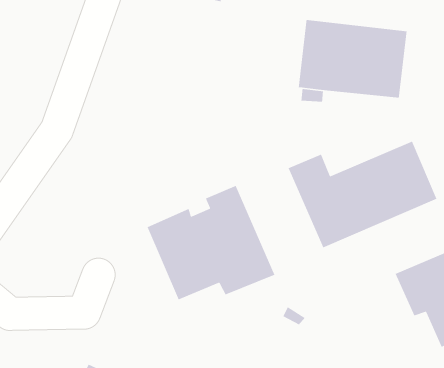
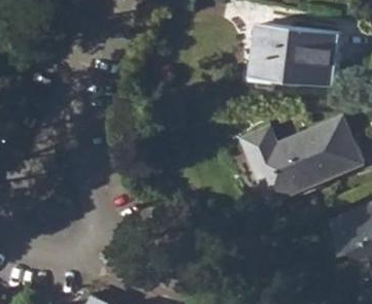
building: [146,185,275,300] -> none

